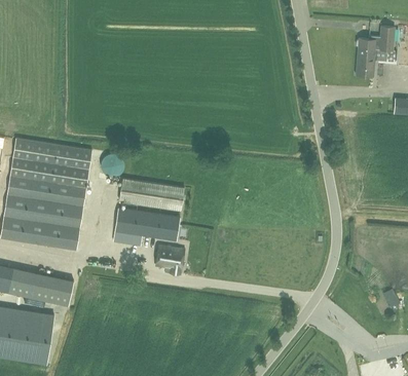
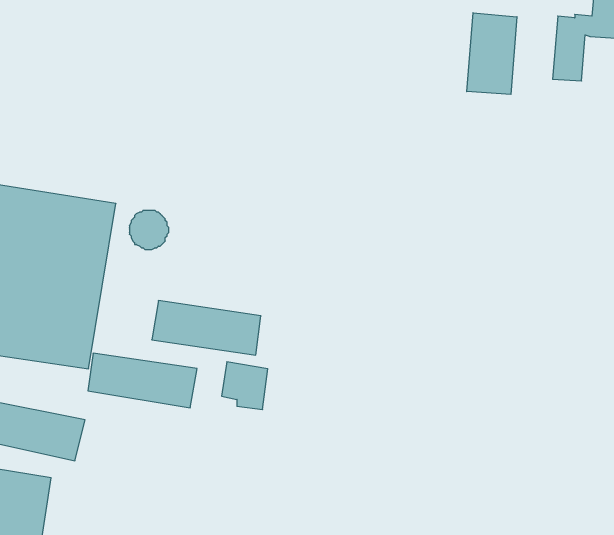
building: none -> [467,13,517,94]
building: [119,179,185,212] -> [88,353,197,408]

